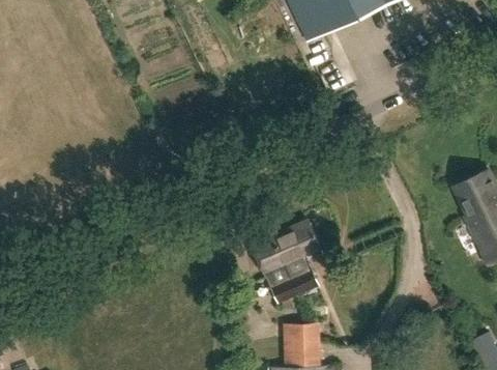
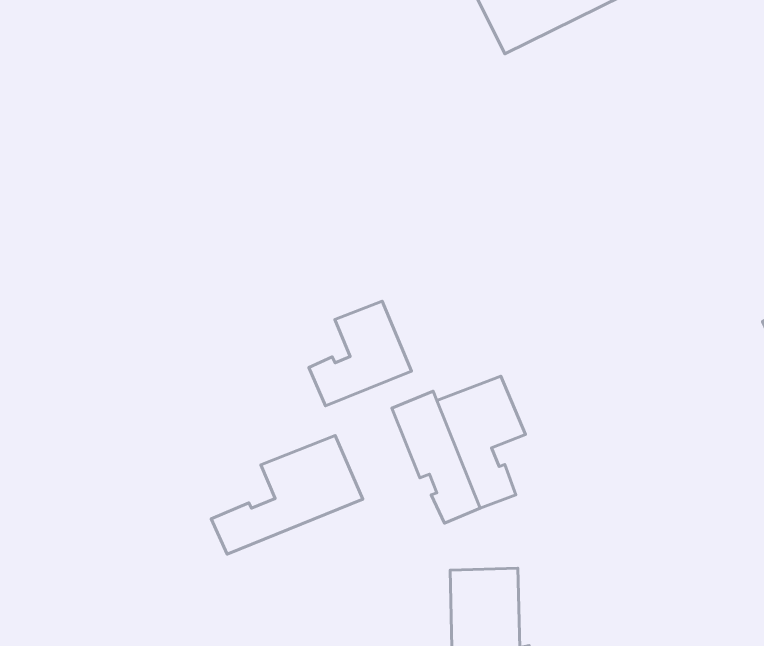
building: none -> [309,301,411,406]
building: none -> [211,435,363,554]

